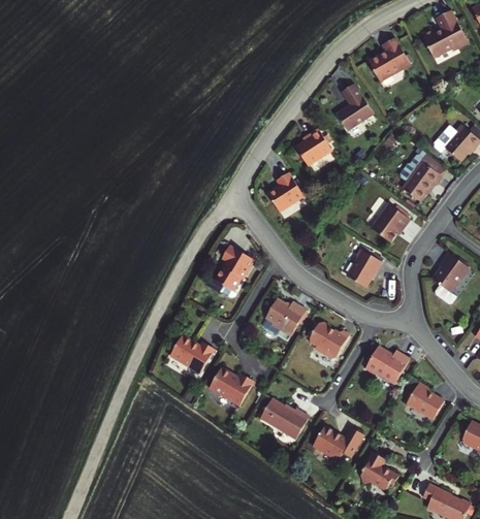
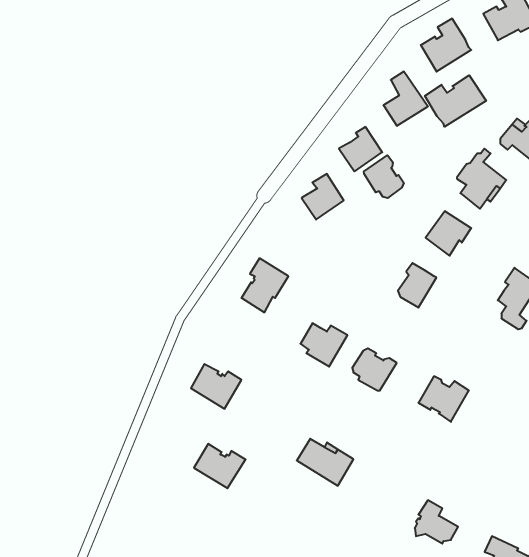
building: none -> [425,75,486,127]
building: none -> [364,155,404,198]
building: [211,368,255,407] -> [194,444,246,488]
building: [407,382,444,418] -> none
building: [313,426,364,461] -> none

